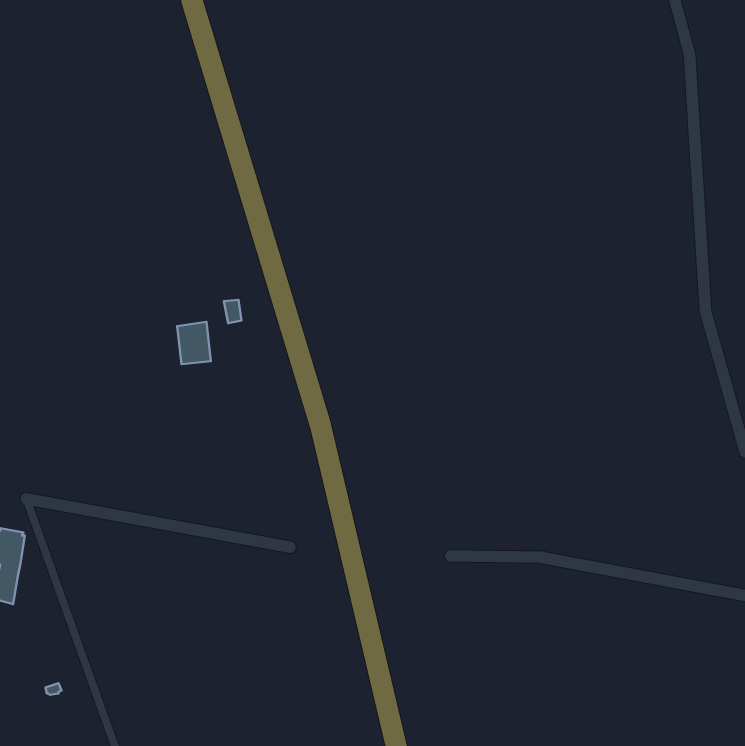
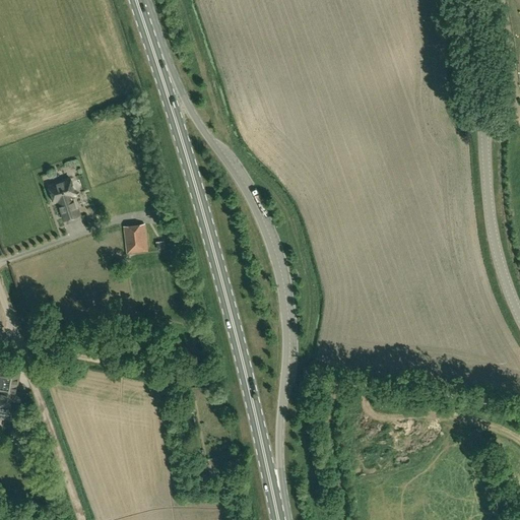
building: none -> [48,179,78,220]

